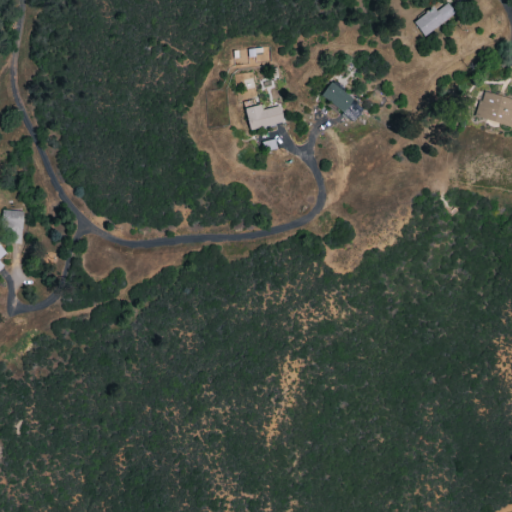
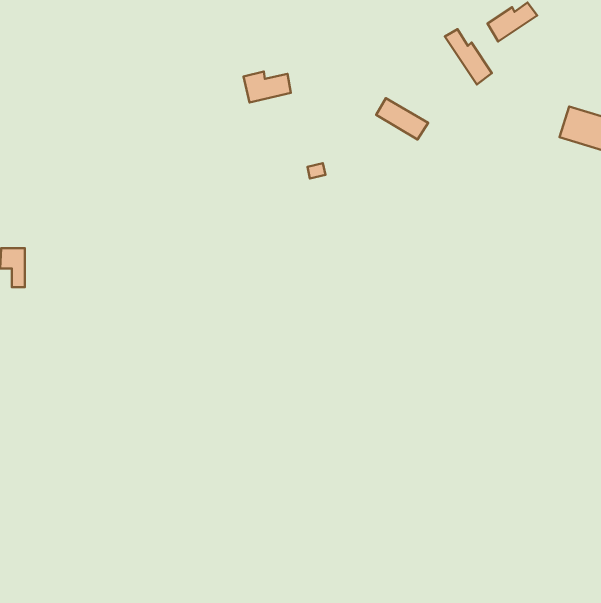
building: none -> [445,29,492,85]
building: [245,103,285,129] -> [244,72,291,102]

